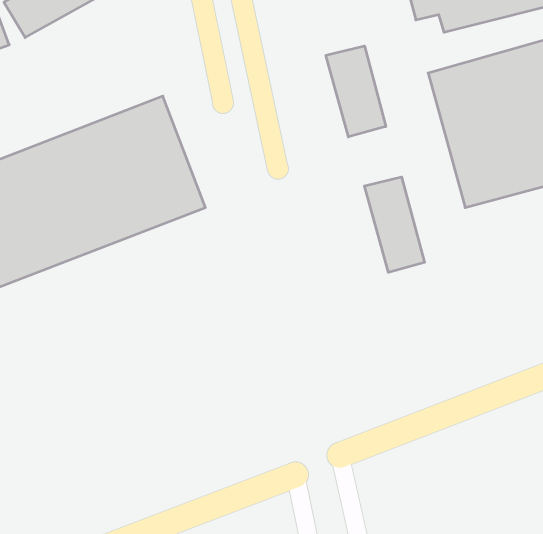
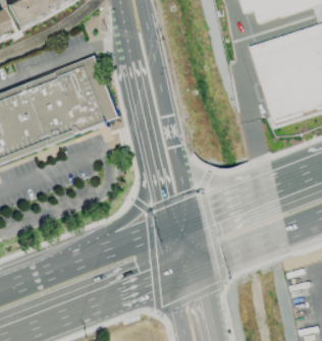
building: [326,46,386,137] -> none
building: [364,177,425,272] -> none

